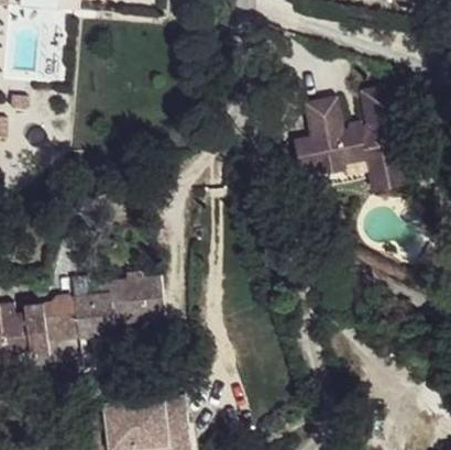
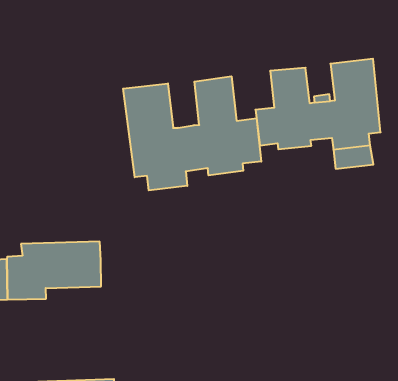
building: none -> [123,76,261,190]

